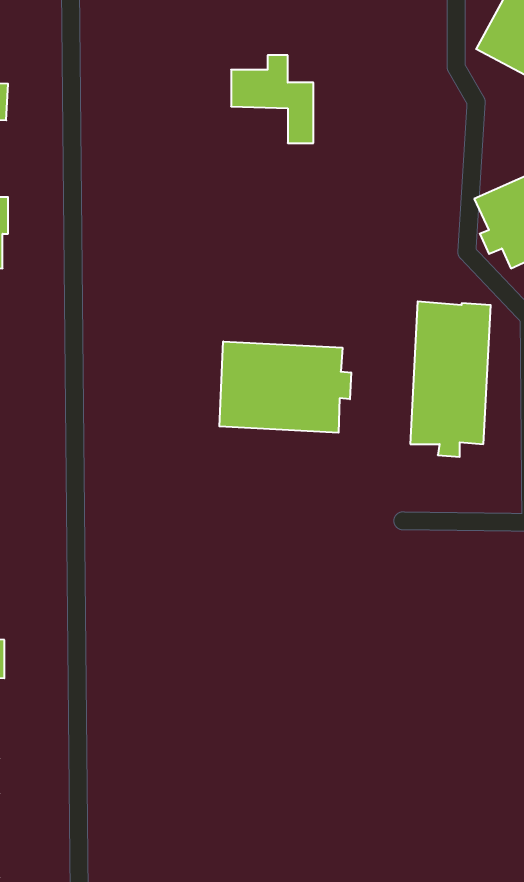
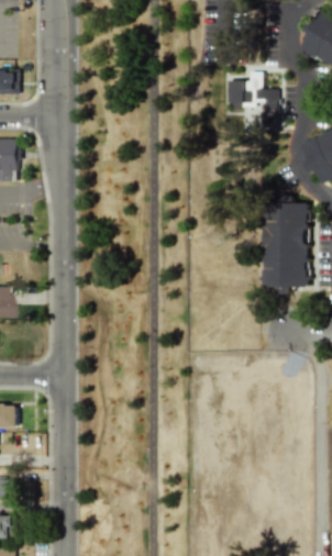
building: [231,55,313,143] -> [228,71,277,124]
building: [219,341,351,433] -> none

